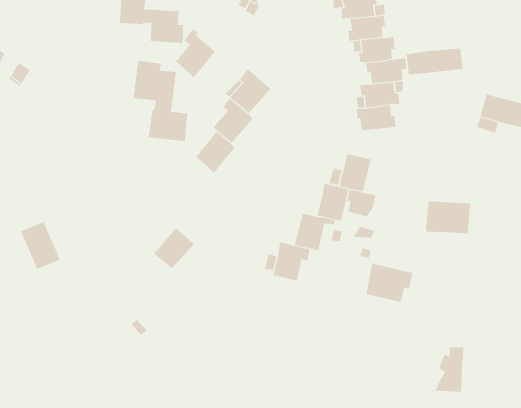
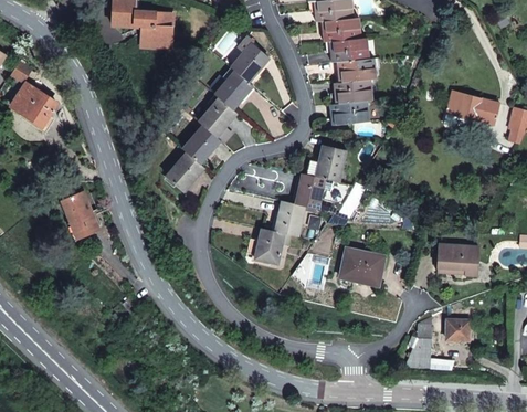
building: [175,28,216,78] -> [231,36,268,83]
building: [406,48,463,76] -> none
building: [133,60,188,142] -> none
building: none -> [11,83,57,126]
building: [426,201,471,234] -> [438,244,479,275]
building: [20,222,61,269] -> [62,192,99,236]
building: [153,227,195,269] -> [166,152,204,191]
building: none -> [446,319,468,340]

